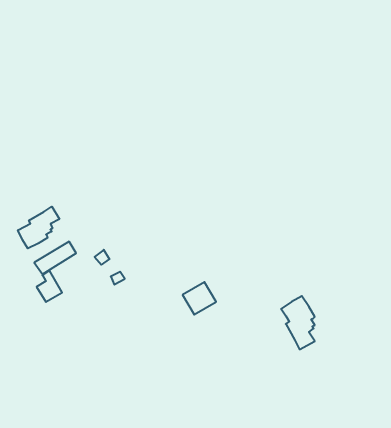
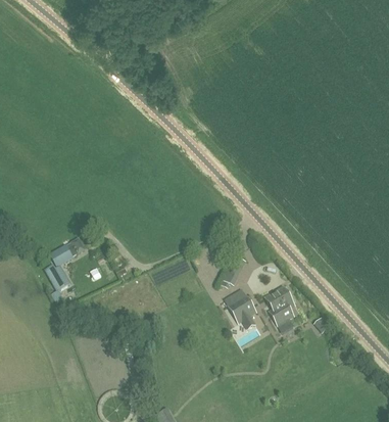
building: [18,207,59,248] -> none
building: [183,282,216,315] -> [228,294,257,323]

